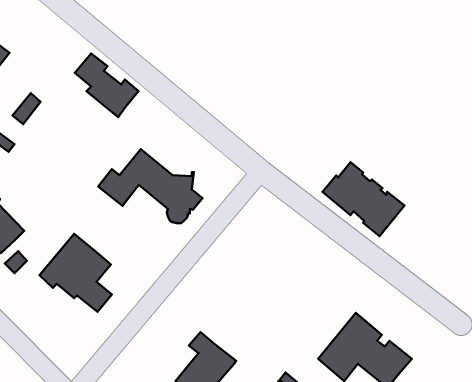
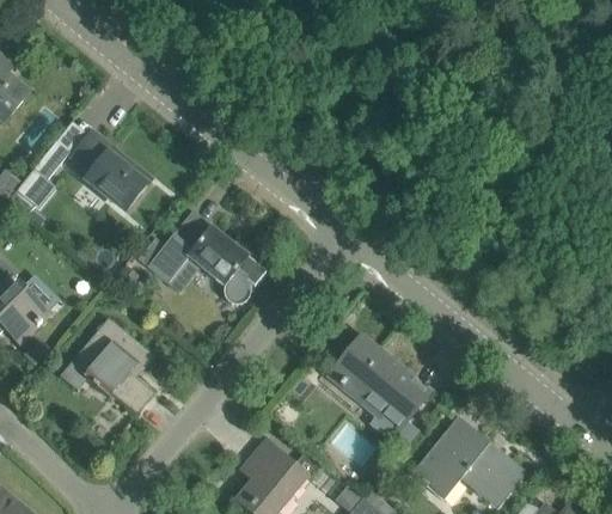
building: [75,54,138,117] -> [72,131,151,210]
building: [323,162,405,236] -> [328,338,429,430]

